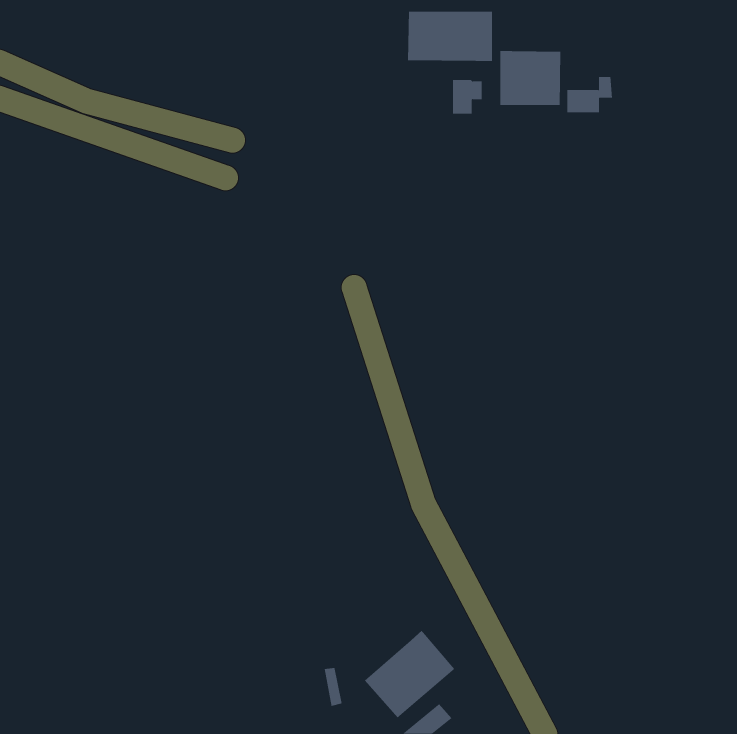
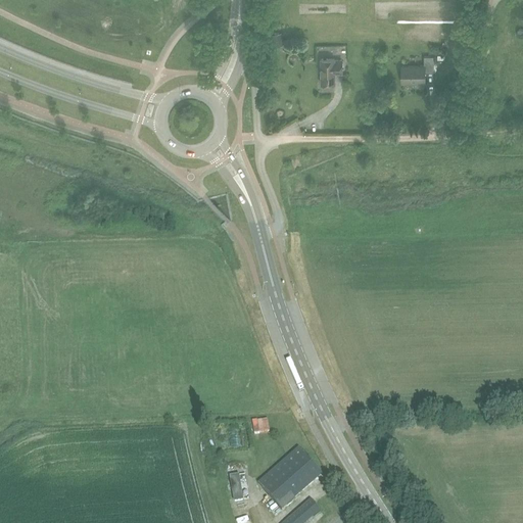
building: [408,11,492,62] -> none
building: [500,50,561,106] -> none

